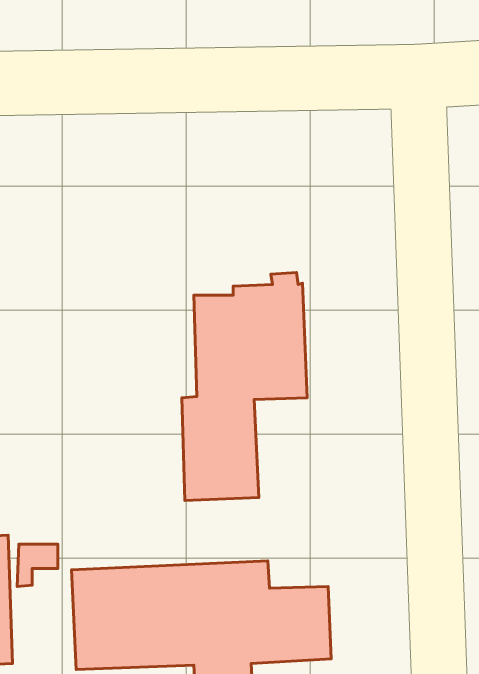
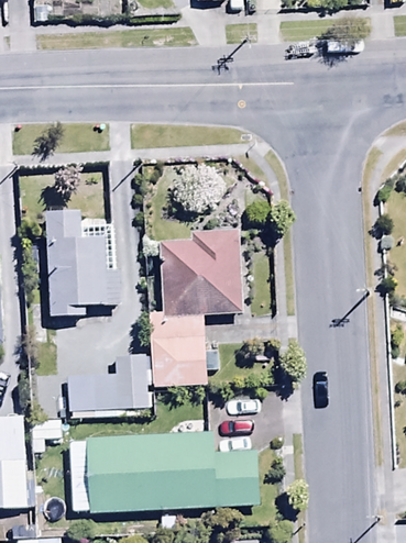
building: none -> [48,209,120,315]
building: none -> [68,356,151,417]

